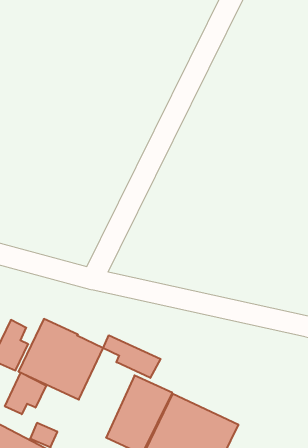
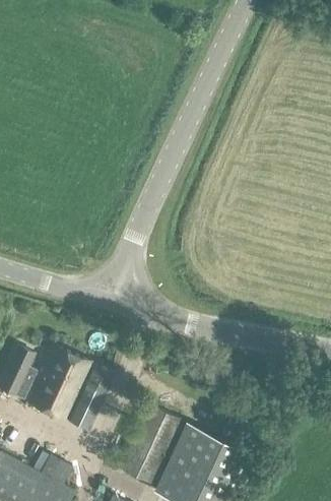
building: [103,335,161,378] -> none
building: [5,373,46,414] -> none

